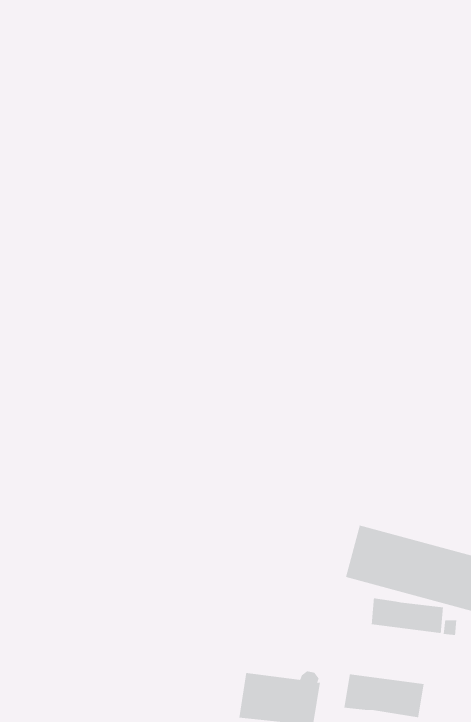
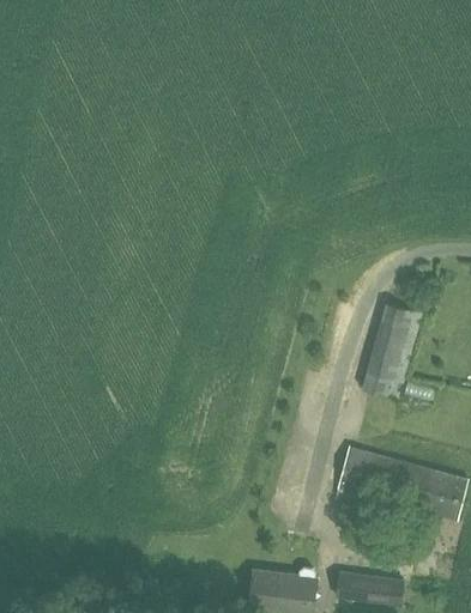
building: none -> [362,304,424,400]
building: [371,597,444,634] -> none

